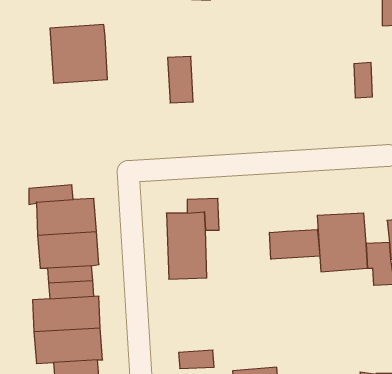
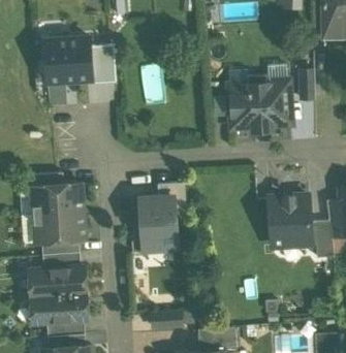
building: none -> [90,45,116,84]
building: none -> [229,74,290,131]
building: [270,229,320,259] -> none

